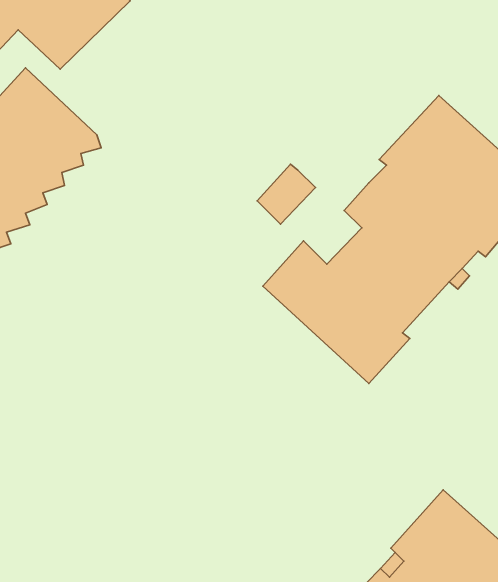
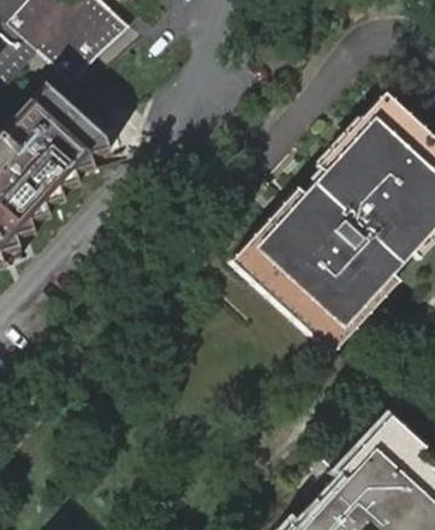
building: [257,164,315,224] -> [272,192,320,242]

